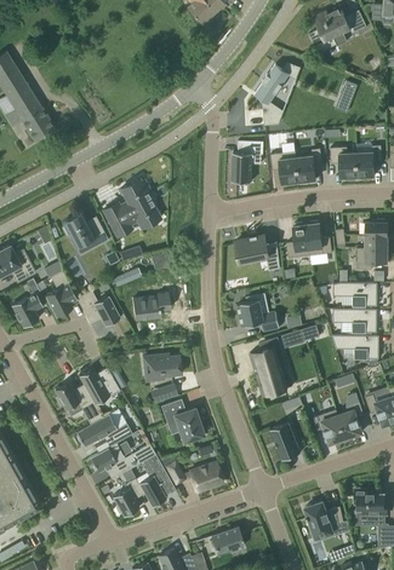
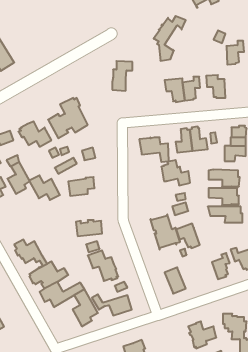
building: [232,140,261,183] -> [112,61,132,91]
building: [356,145,382,179] -> [226,41,244,65]
building: [238,295,279,332] -> [161,160,190,185]
building: [79,368,120,405] -> none
building: [313,409,347,444] -> [176,224,200,248]
building: [113,478,144,517] -> none

